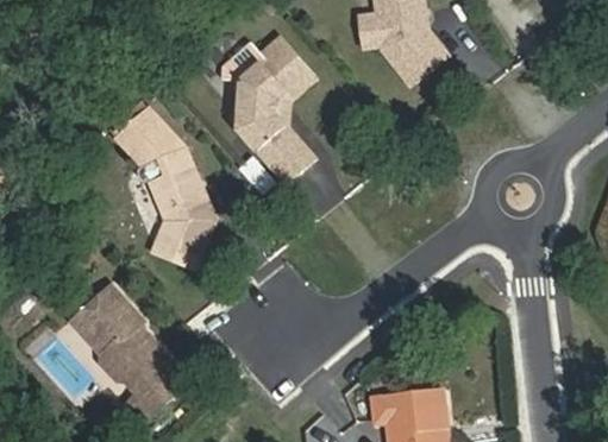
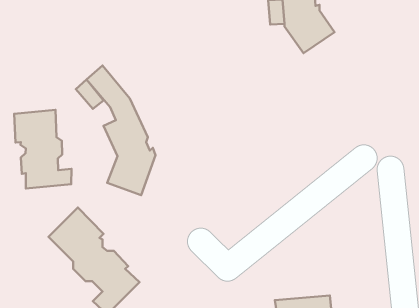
building: [222,39,308,177] -> none
building: none -> [14,110,71,189]

